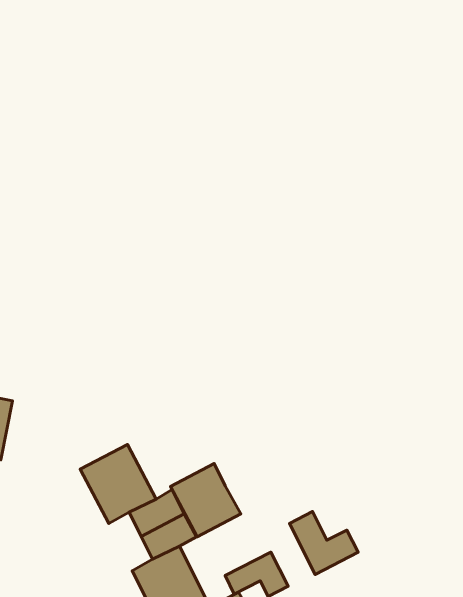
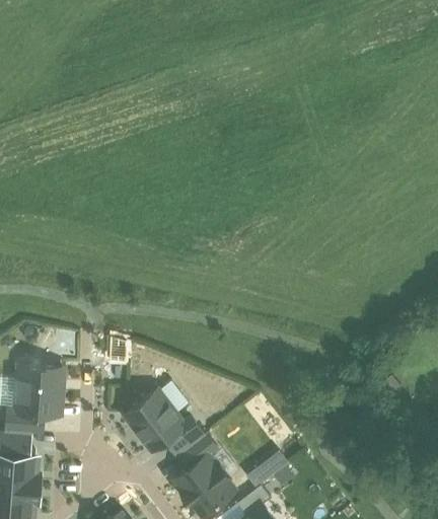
building: [170,463,241,537] -> none
building: [290,512,358,574] -> none

